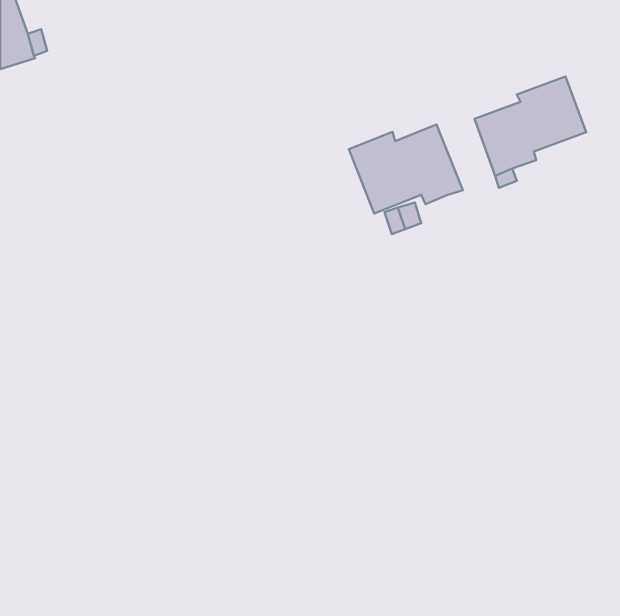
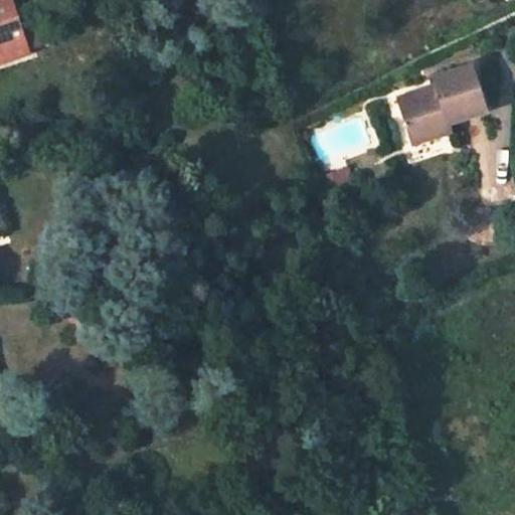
building: [349,124,463,214] -> none

